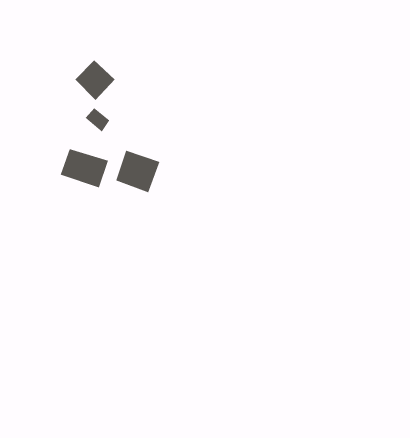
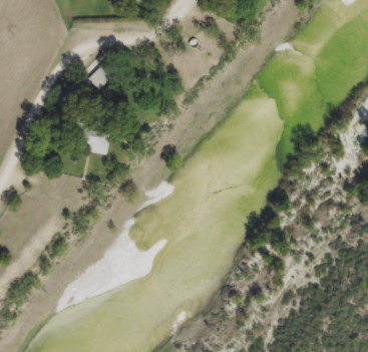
building: [116,150,160,193] -> none

